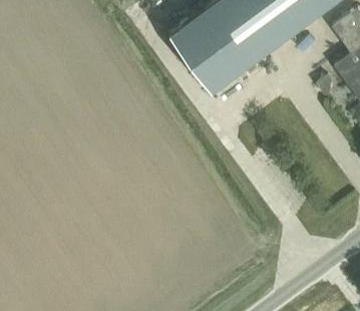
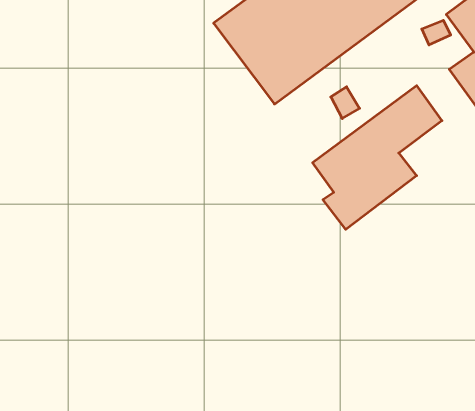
building: none -> [313,86,442,229]

